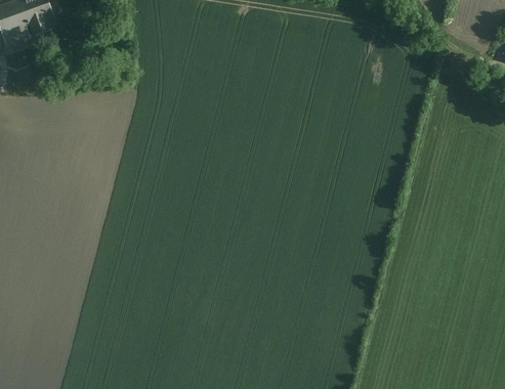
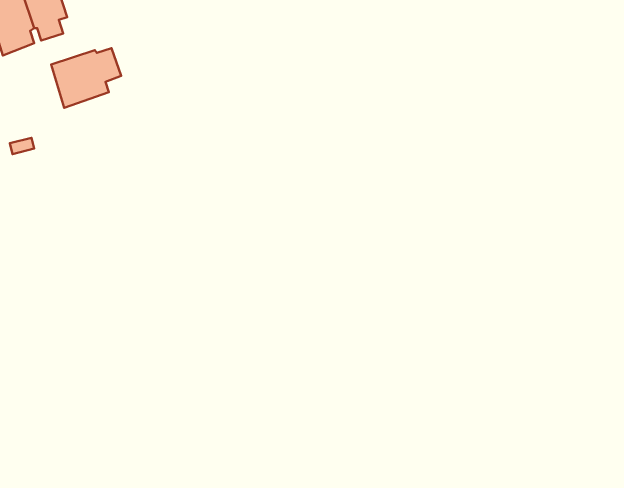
building: none -> [51,48,121,108]

